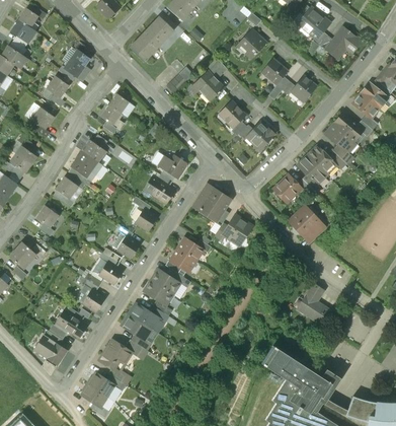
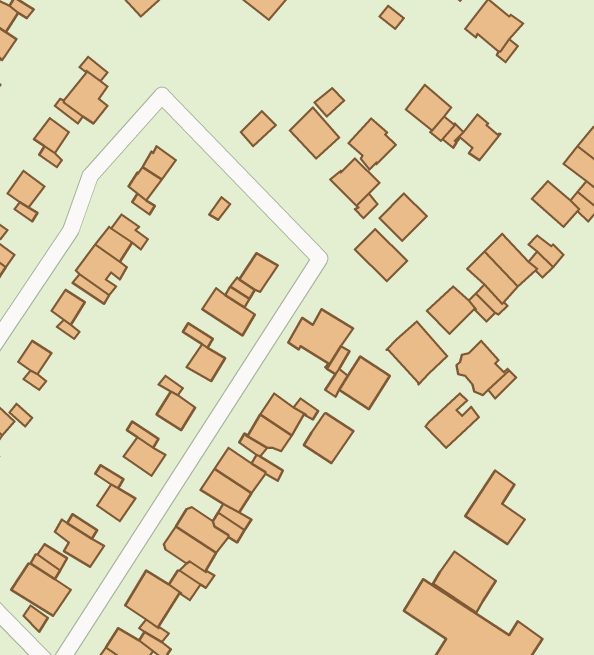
building: [131,17,173,61] -> none
building: [325,26,361,58] -> none
building: [238,28,265,58] -> [348,119,396,169]
building: [326,124,354,151] -> none
building: none -> [355,229,407,281]
building: none -> [386,322,447,384]
building: none -> [425,394,479,448]
building: none -> [304,413,354,463]
building: none -> [432,552,496,613]

